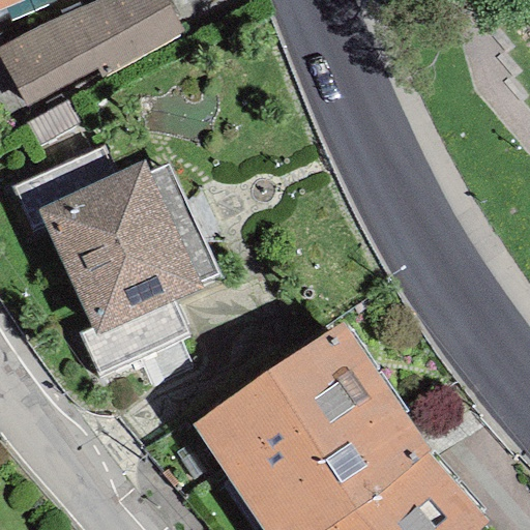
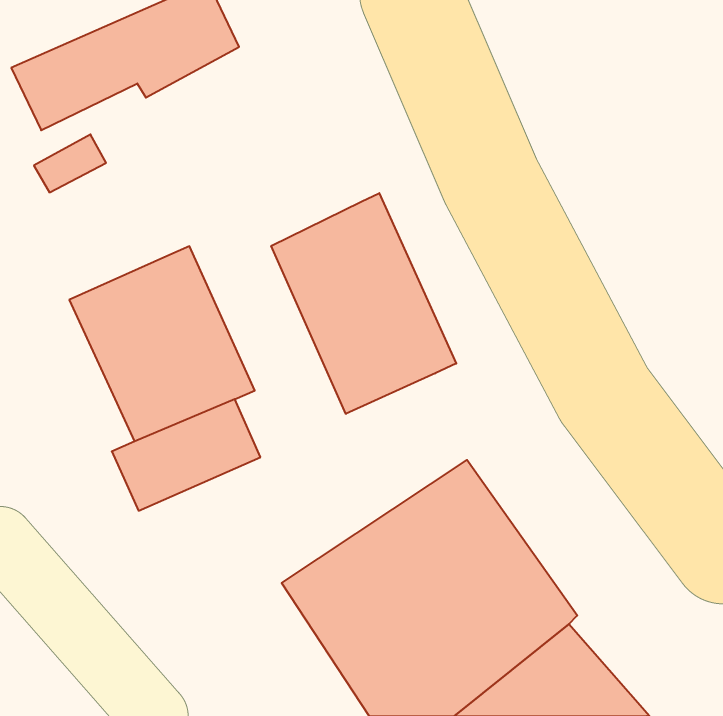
building: none -> [271,193,456,414]
building: [17,150,122,227] -> none

